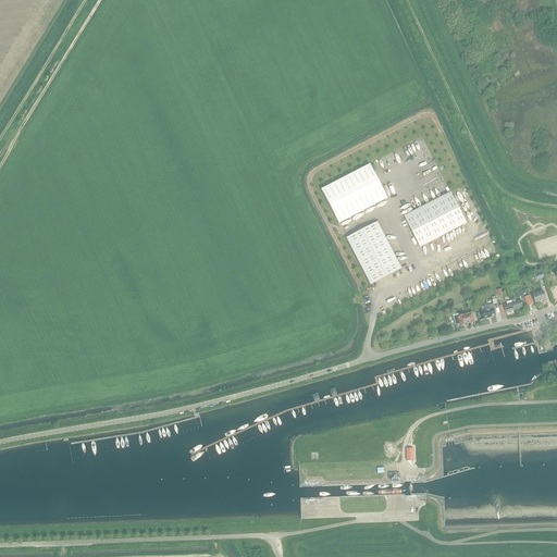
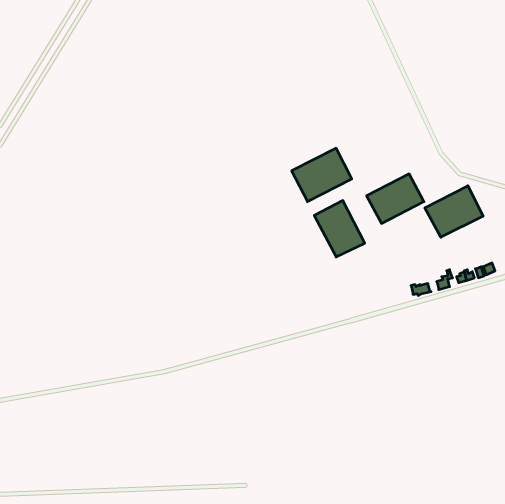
building: none -> [425,186,483,237]

